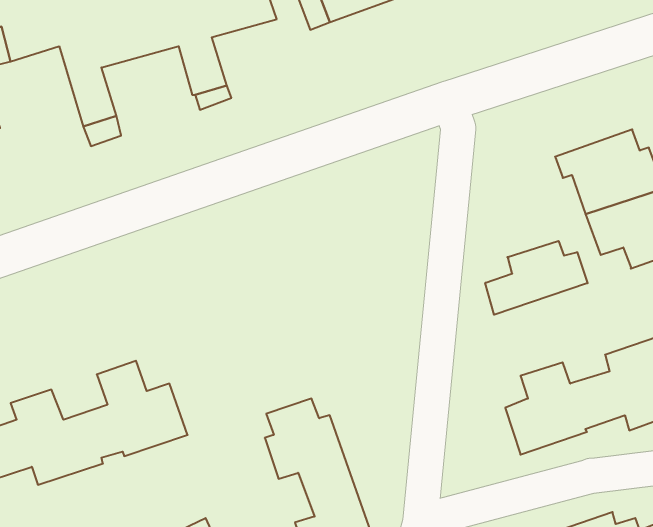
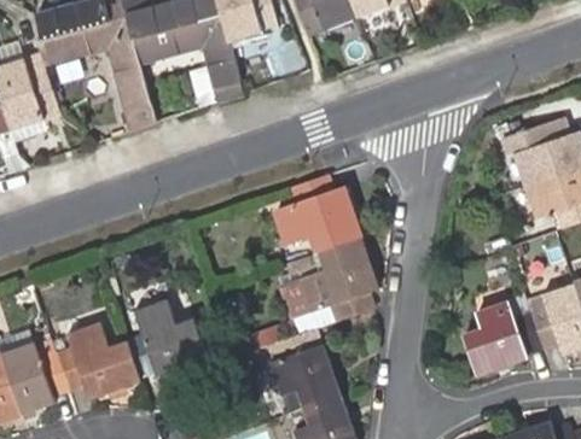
building: none -> [275,171,377,320]
building: [485,241,588,315] -> none

